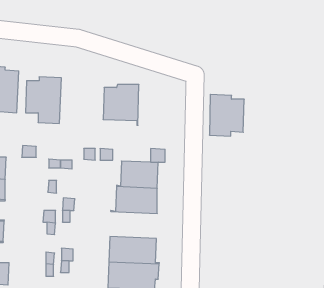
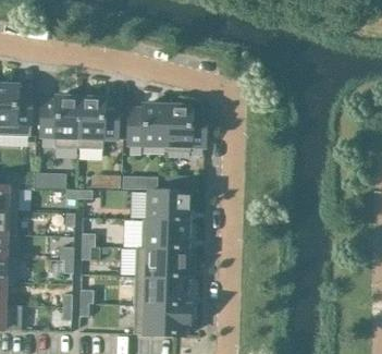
building: none -> [78,97,119,148]
building: [209,94,244,136] -> [167,105,206,151]
building: none -> [135,247,188,278]

